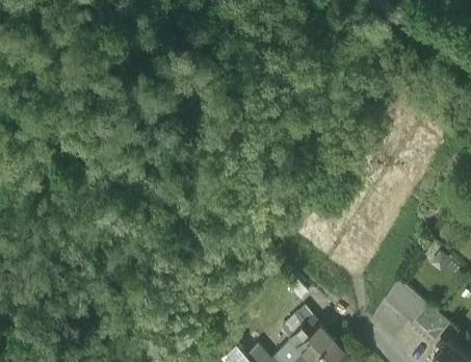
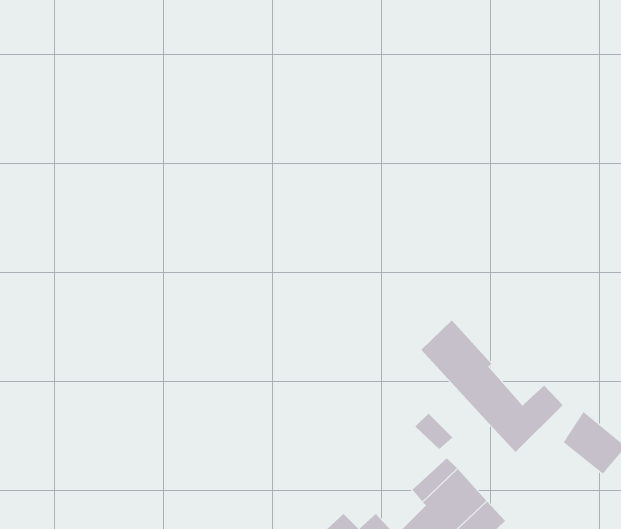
building: none -> [420,320,564,453]

